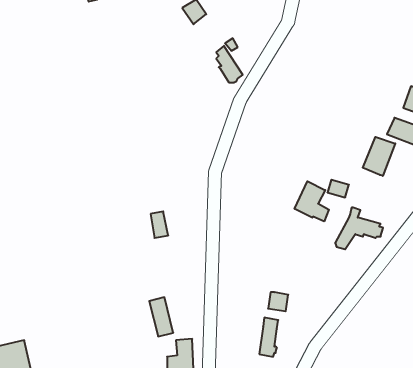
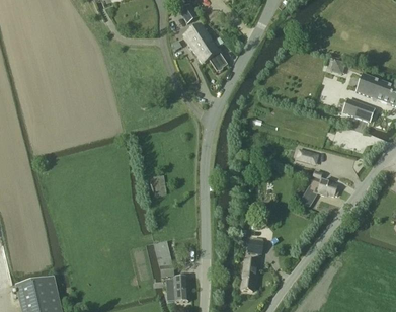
building: none -> [183,23,212,64]
building: [363,137,395,176] -> none
building: [295,181,329,221] -> none

